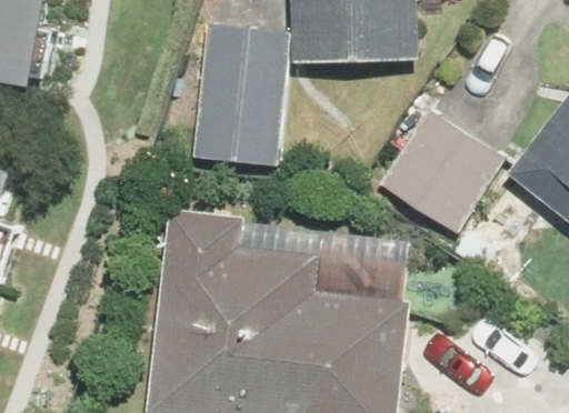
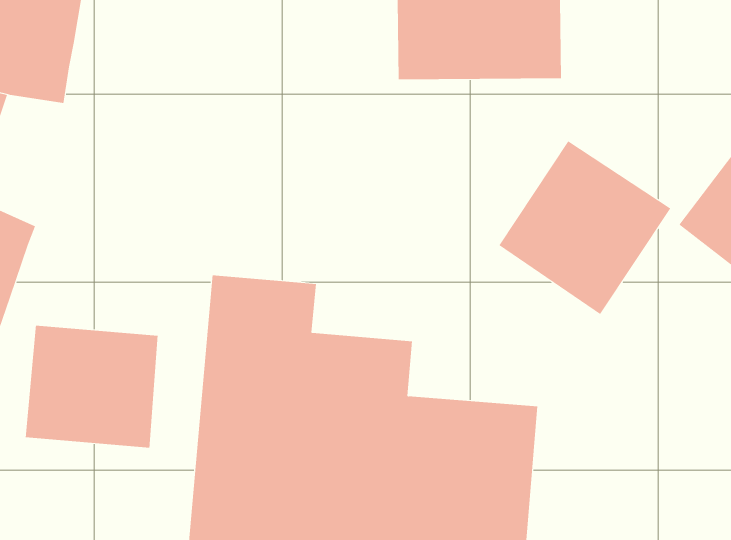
building: [196,26,289,162] -> none
building: none -> [25,325,158,448]

